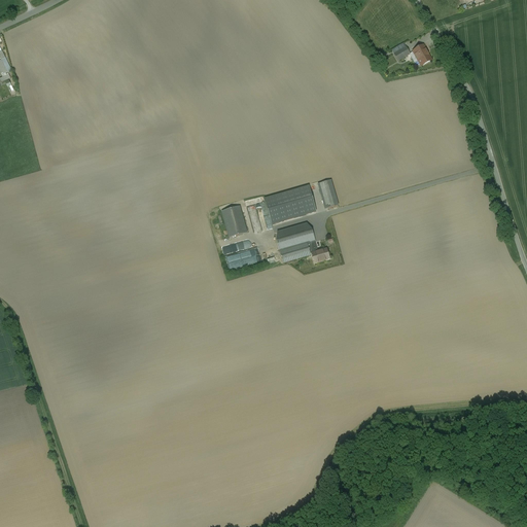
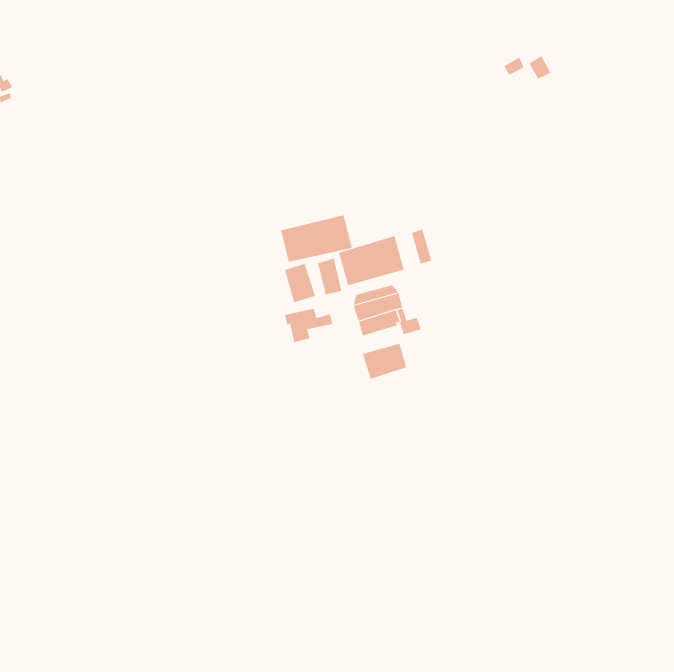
building: none -> [281,215,352,263]
building: none -> [362,343,407,380]

